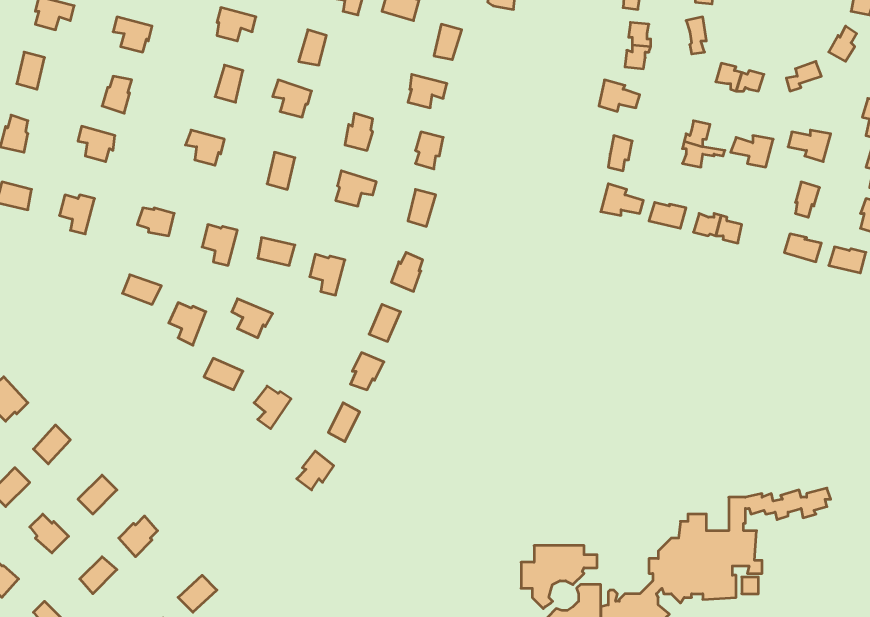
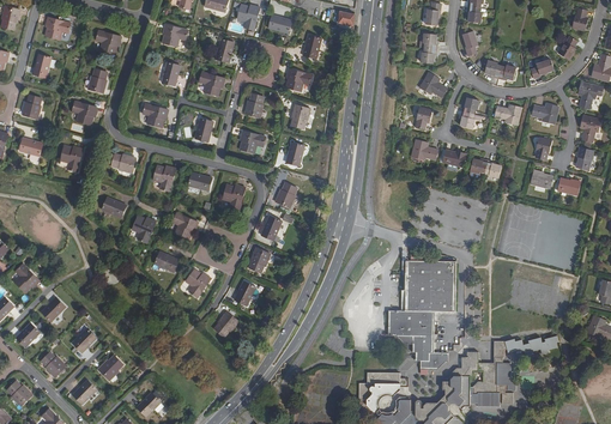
building: none -> [387,250,454,369]

